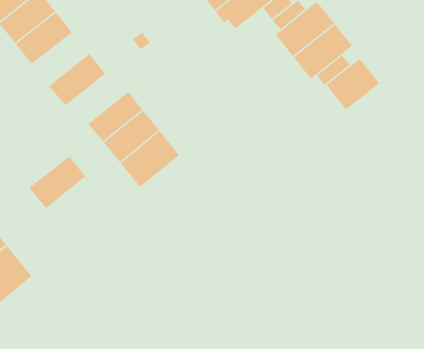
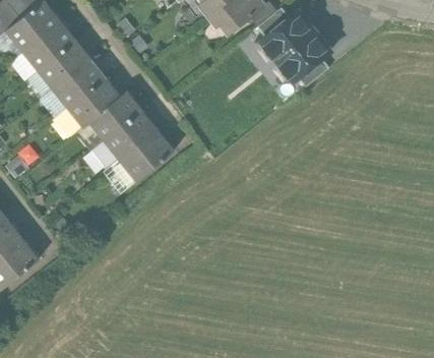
building: none -> [37,38,89,86]
building: [326,58,380,111] -> none
building: [28,155,86,209] -> [67,75,120,124]

